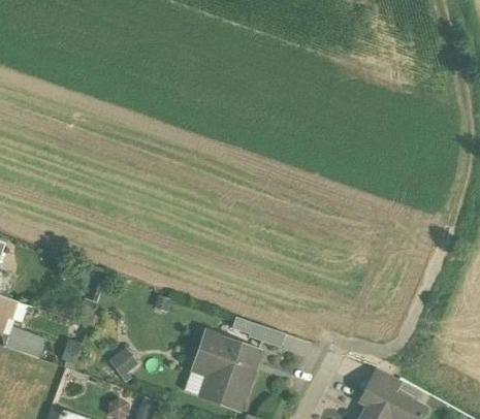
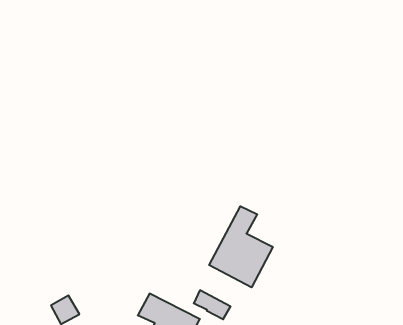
building: none -> [209,206,273,287]

